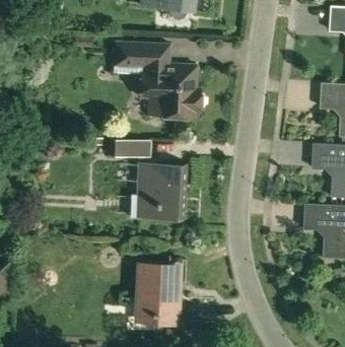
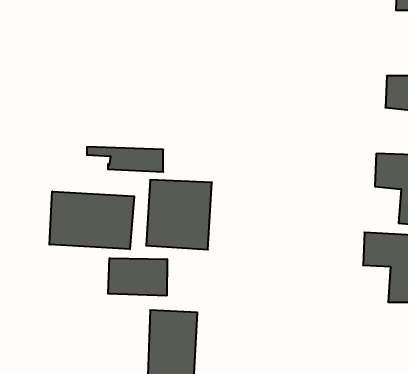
building: [113,42,203,118] -> none
building: none -> [49,191,134,249]
building: none -> [108,258,167,296]

